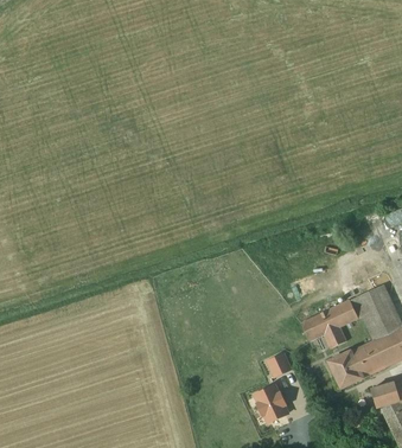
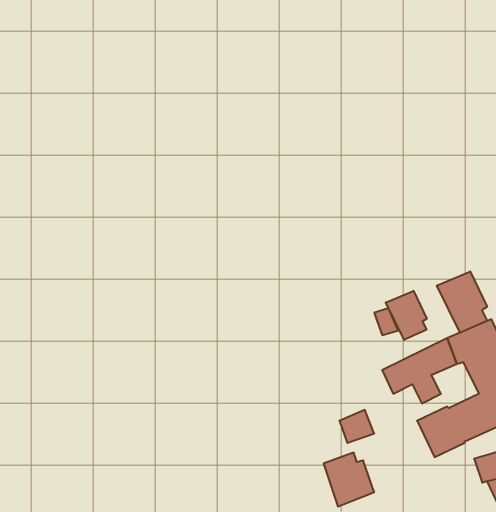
building: none -> [437,271,487,333]
building: none -> [386,291,427,340]

